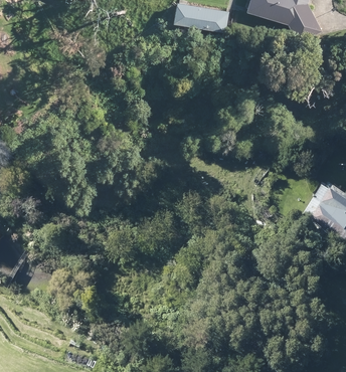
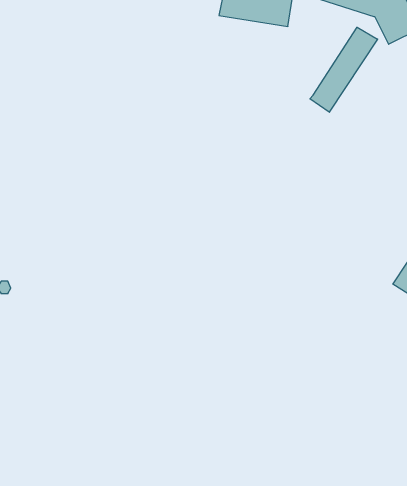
building: none -> [310,27,378,112]

